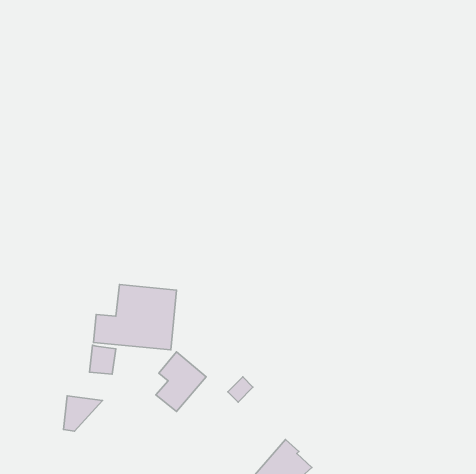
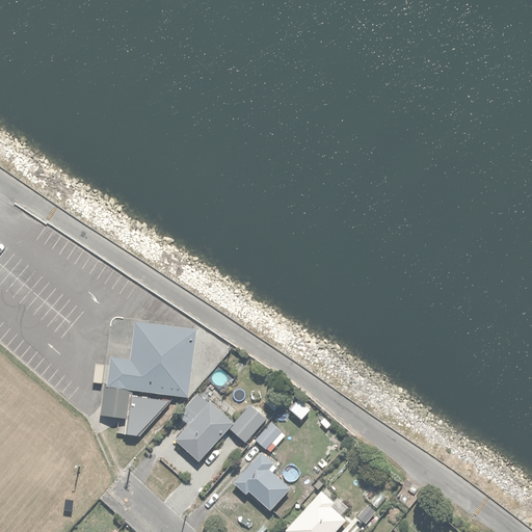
building: none -> [230,407,267,446]
building: [63,396,103,431] -> [127,398,170,437]
building: none -> [232,453,288,510]

